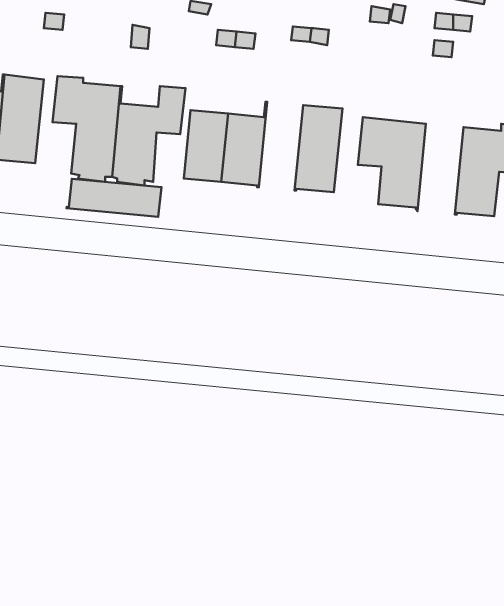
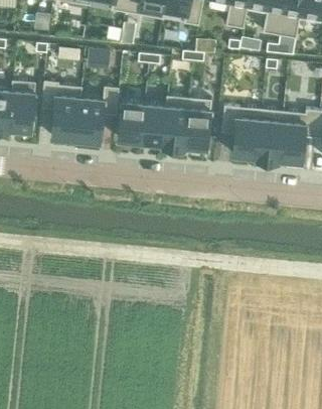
building: none -> [162,96,188,148]
building: none -> [256,109,283,162]
building: [67,179,162,217] -> none

